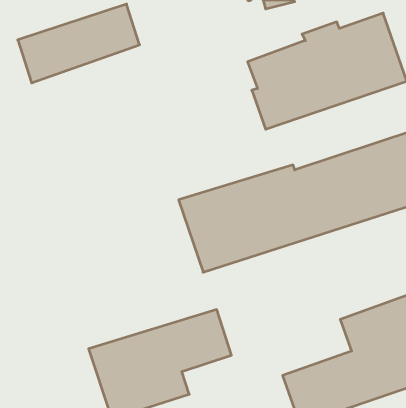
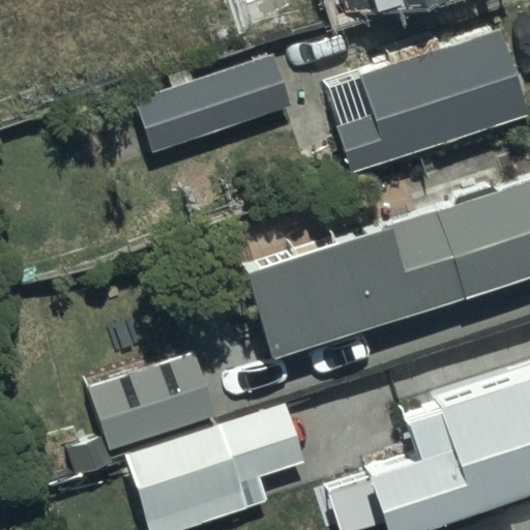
building: [18,4,140,83] -> [136,55,291,155]
building: none -> [89,353,215,449]

